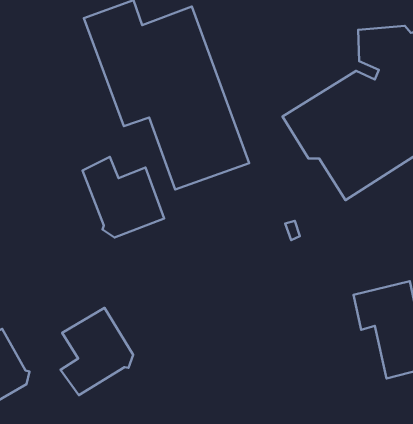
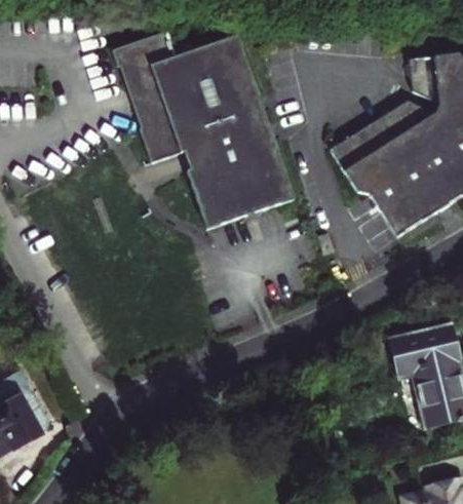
building: [83,157,164,238] -> none
building: [61,308,133,395] -> none

